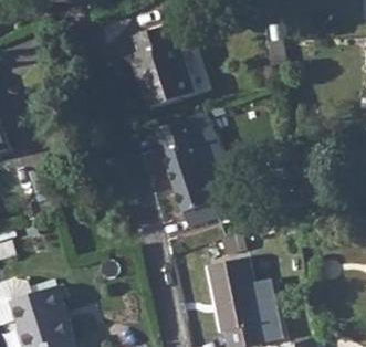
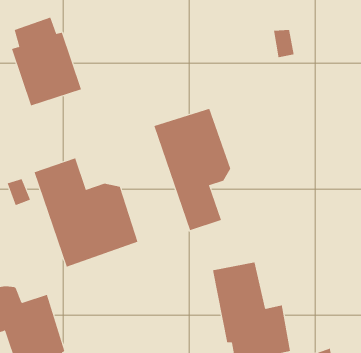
building: [129,23,195,106] -> [11,17,82,106]
building: none -> [34,158,138,268]

